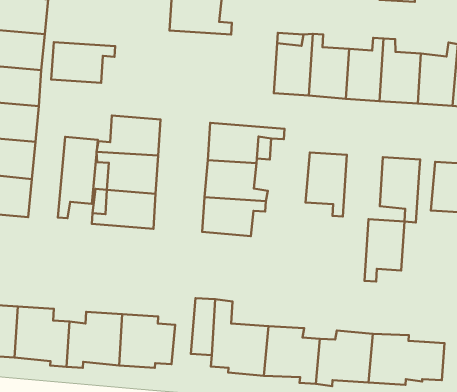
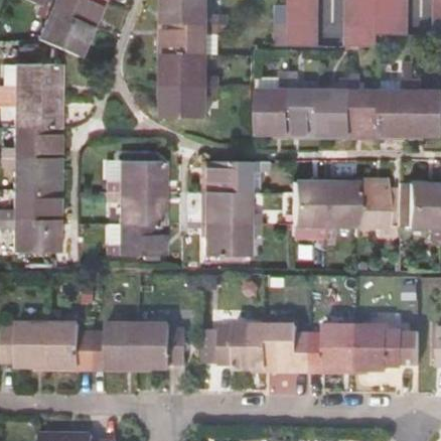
building: [51,42,115,83] -> [166,83,219,115]
building: [58,137,98,218] -> none
building: [364,219,404,282] -> [326,180,357,234]

